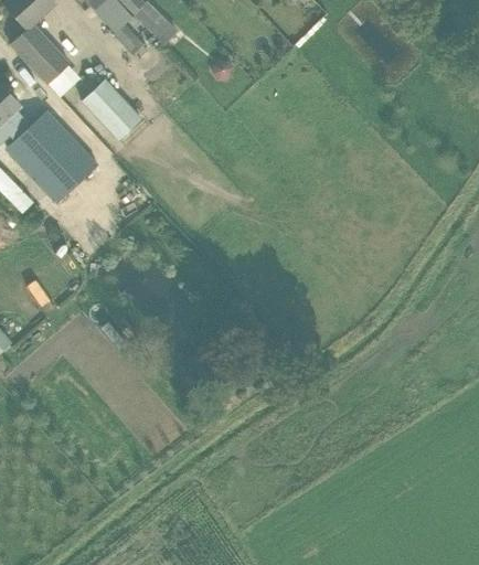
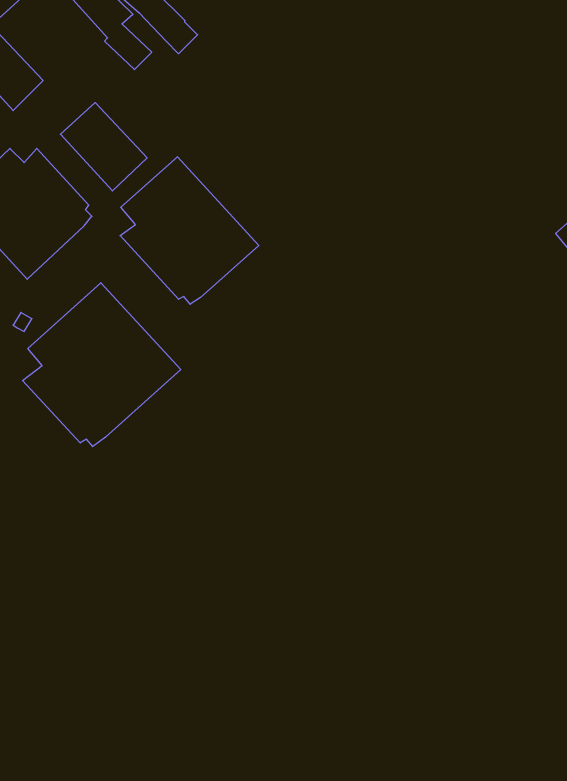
building: none -> [120,157,259,304]
building: none -> [23,283,181,447]

